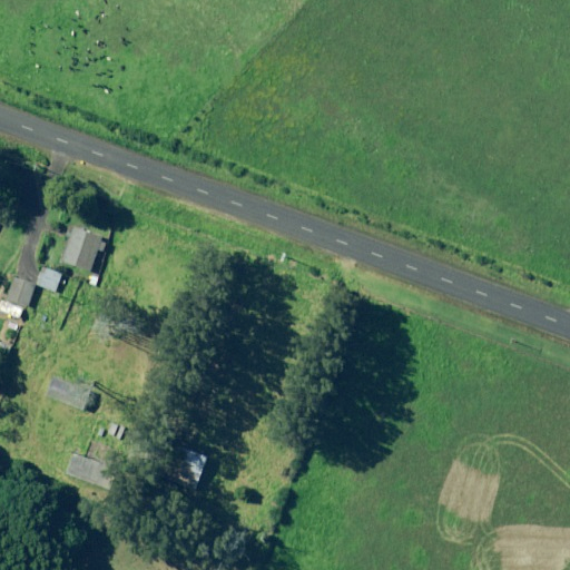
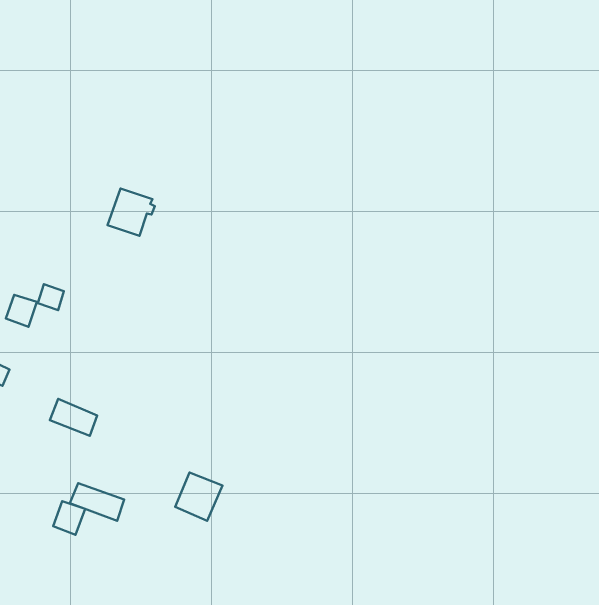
building: [61,226,106,271] -> [108,189,155,236]
building: none -> [53,501,85,535]

